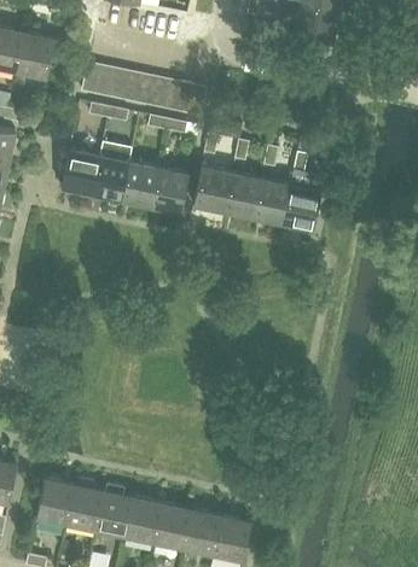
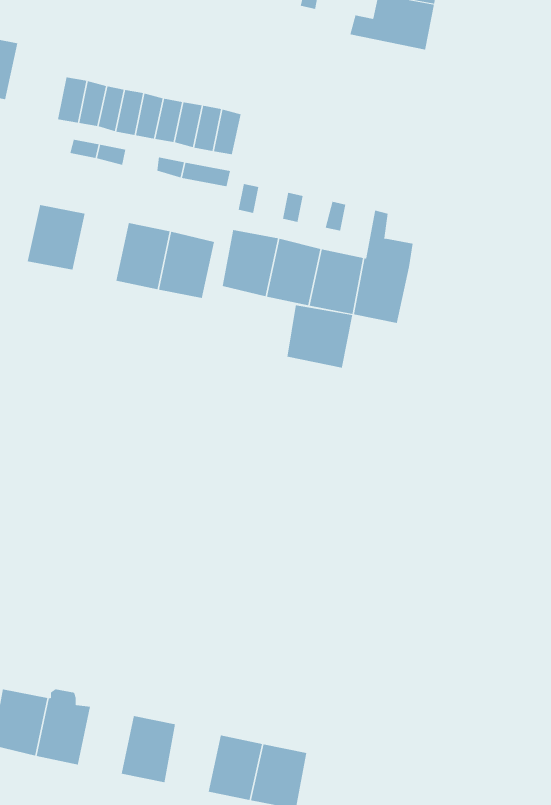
building: [91,156,128,201] -> none
building: none -> [287,304,353,368]
building: [94,485,132,537] -> none
building: [153,503,191,549] -> none

